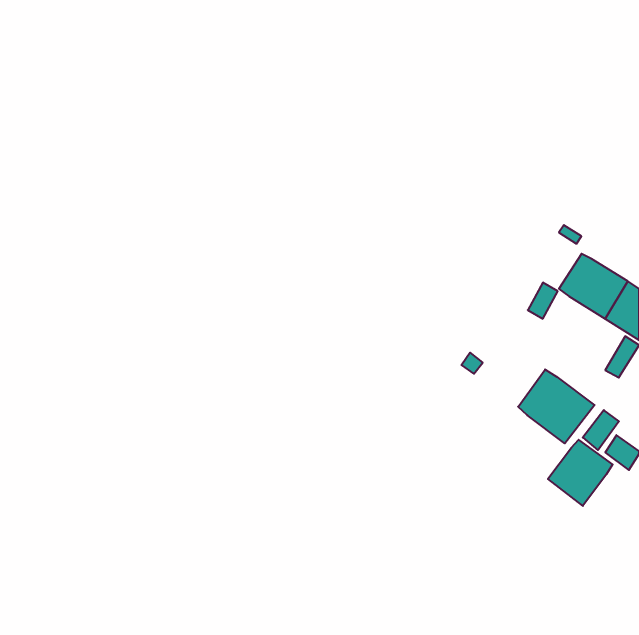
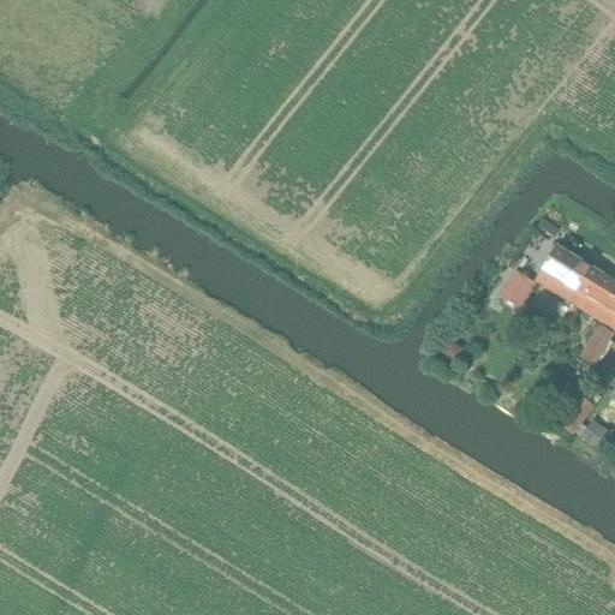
building: [518,369,595,443] -> none
building: [548,440,613,506] -> none

